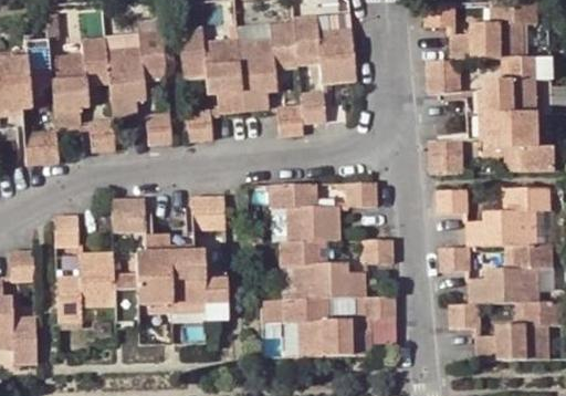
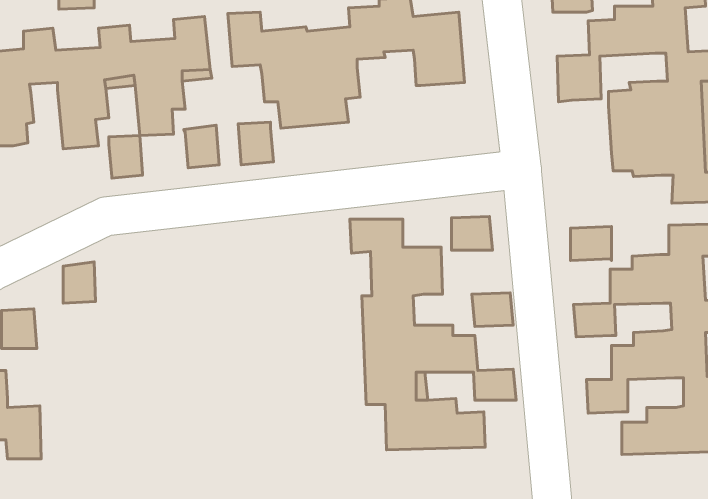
building: [276,92,326,136] -> none
building: [23,131,57,165] -> none
building: [428,140,462,175] -> none
building: [191,196,226,229] -> none
building: [111,198,146,232] -> none
building: [55,235,229,322] -> none

